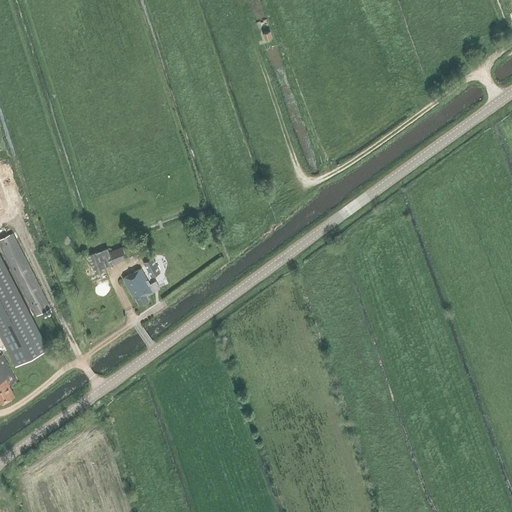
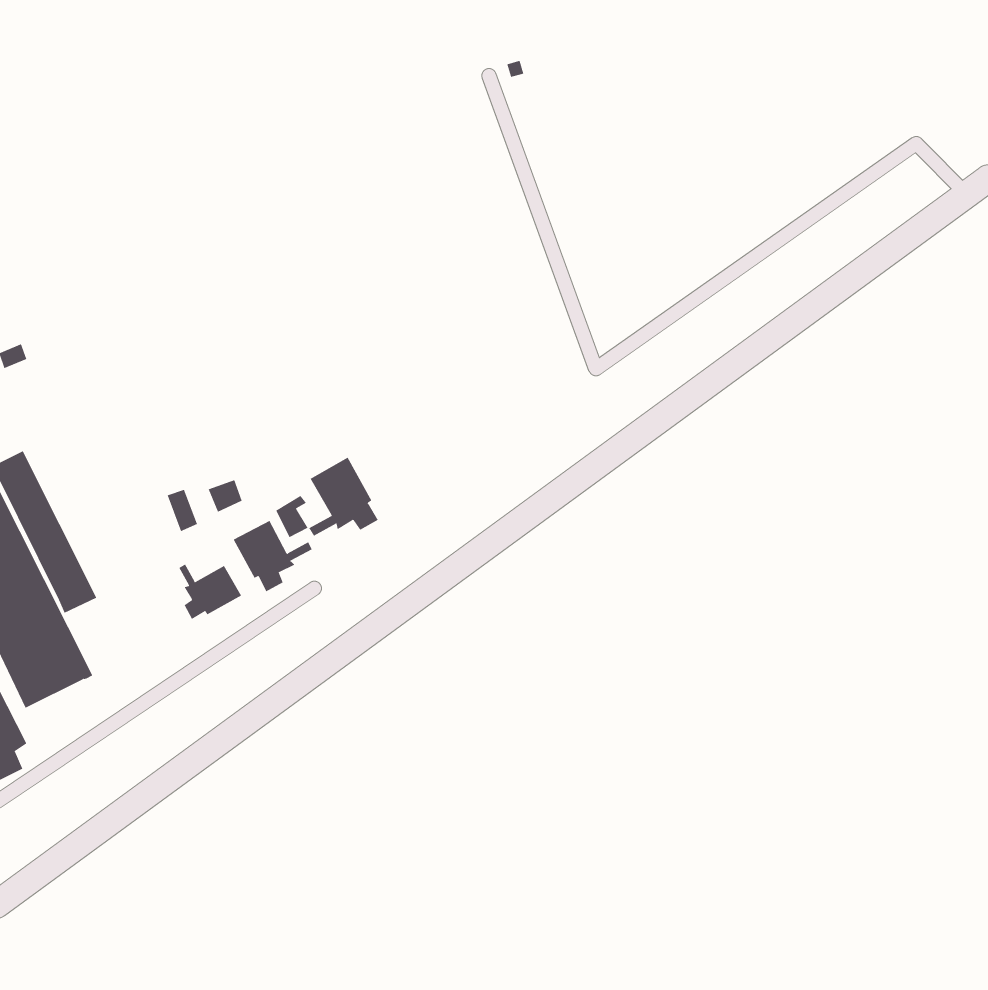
building: none -> [309,457,379,536]
building: none -> [178,563,242,620]

